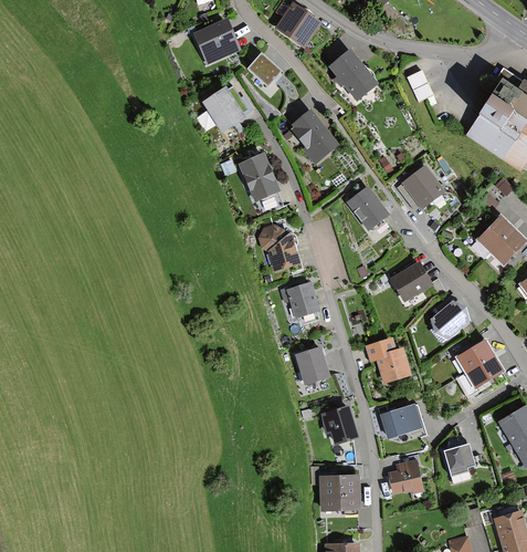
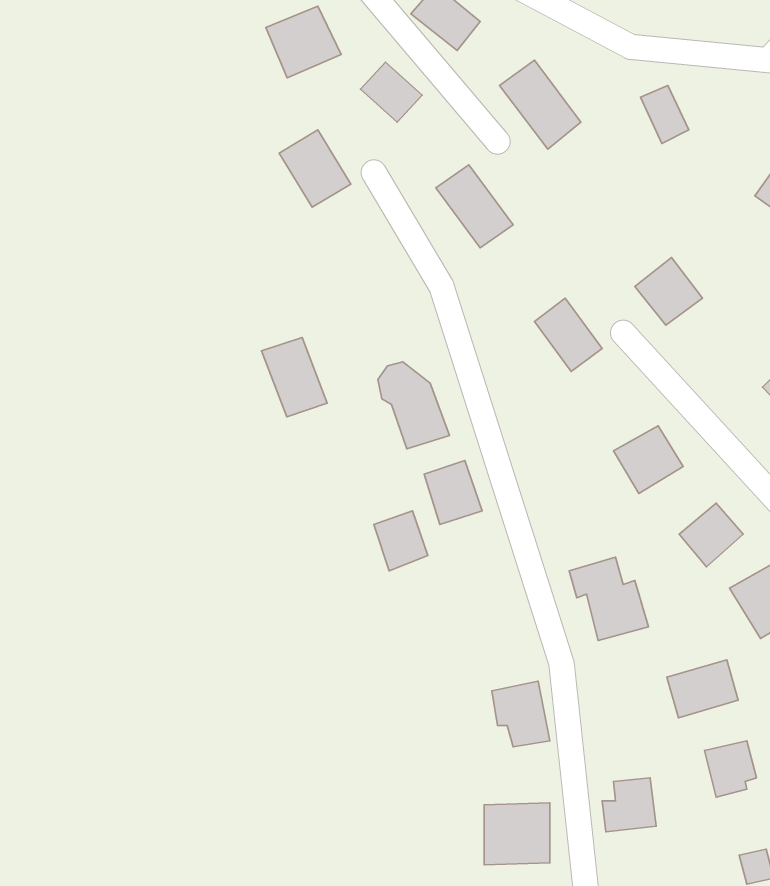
building: [236,157,274,202] -> [262,337,327,417]
building: [297,345,328,379] -> [374,511,428,571]
building: [381,405,422,438] -> [667,660,738,718]

